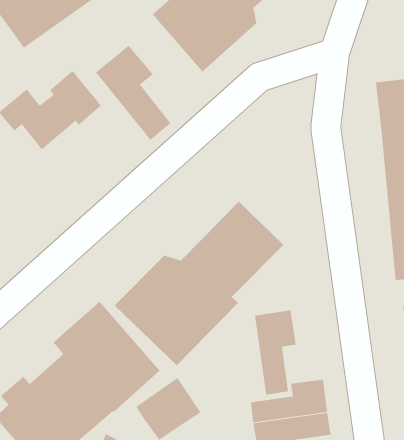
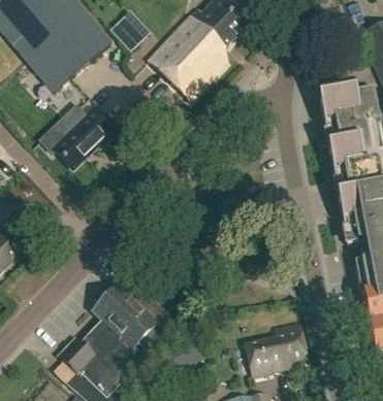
building: [95,45,171,141] -> none
building: [114,201,284,366] -> none
building: [255,310,296,396] -> none

